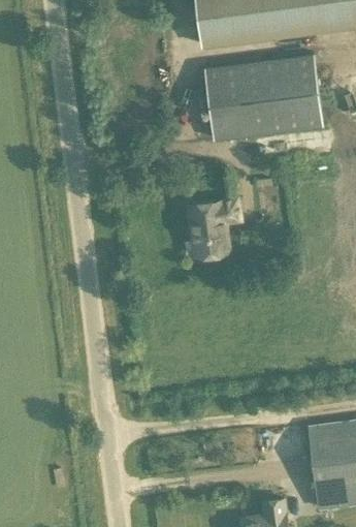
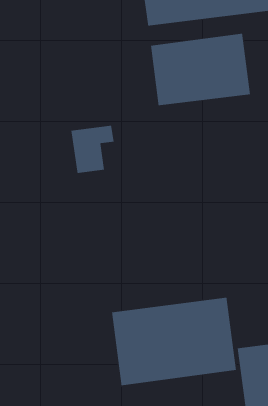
building: [187,199,238,256] -> [71,125,114,173]
building: none -> [111,297,237,386]

